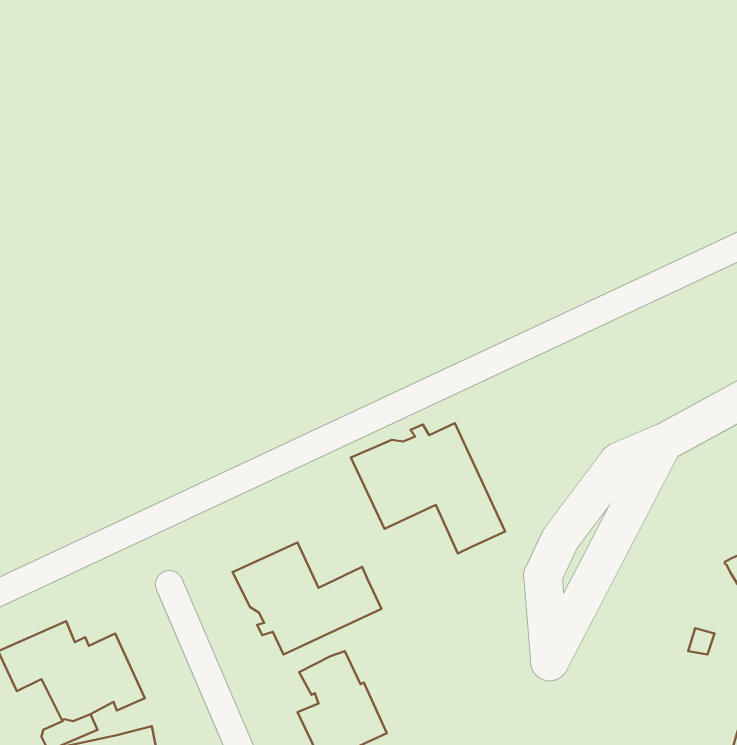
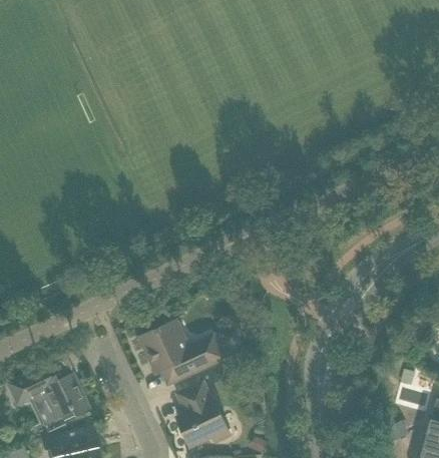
building: [351,423,505,554] -> none

